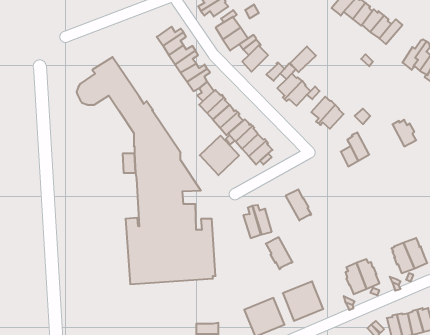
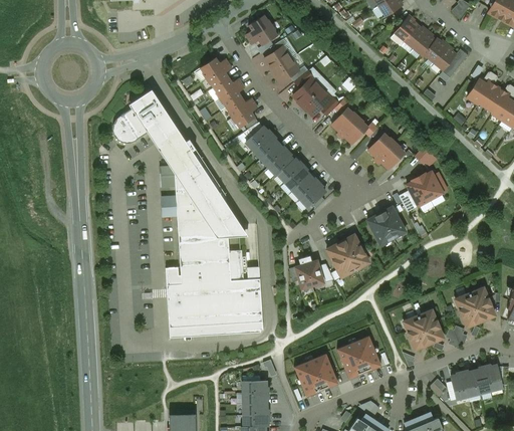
building: [290,46,316,72] -> [303,88,331,117]
building: [392,120,416,146] -> [419,168,445,197]
building: [200,136,239,175] -> none
building: none -> [367,207,406,245]
building: [266,237,293,269] -> [326,242,355,277]

